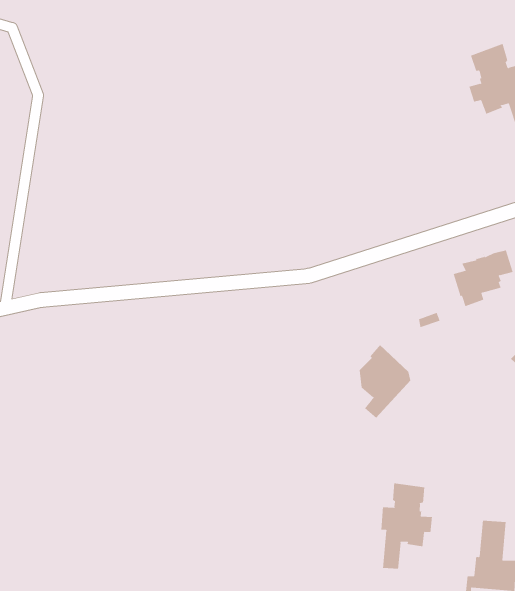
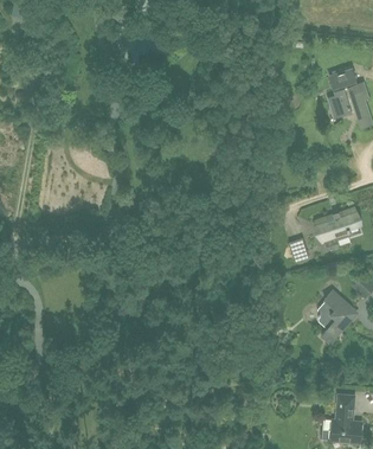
building: [359,344,411,419] -> [317,290,353,341]
building: [381,483,433,569] -> none

